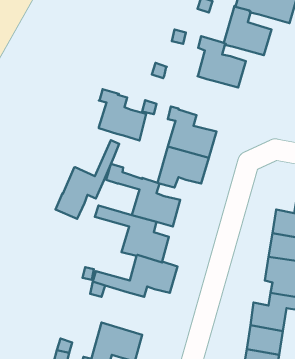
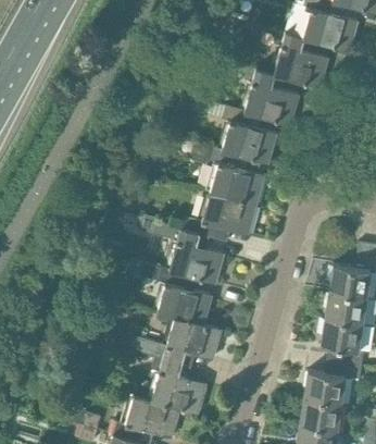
building: [99,89,146,140] -> [222,106,276,164]
building: [56,140,119,219] -> none
building: none -> [151,359,205,414]

